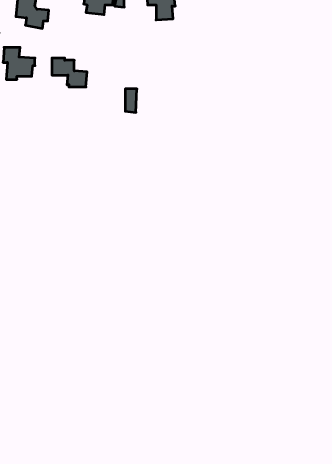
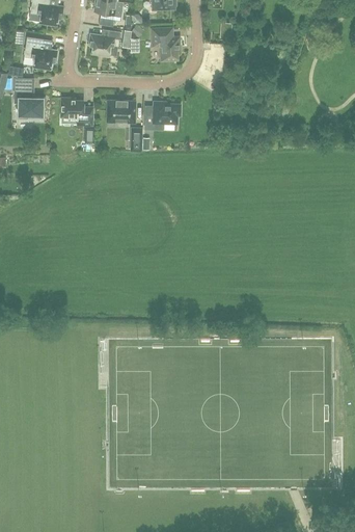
building: none -> [106,99,135,122]
building: none -> [144,100,181,128]

